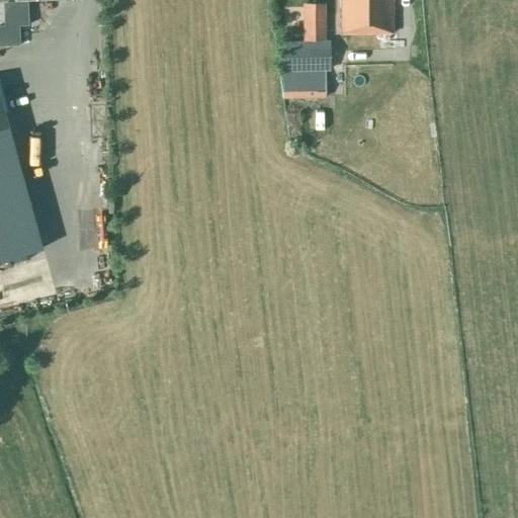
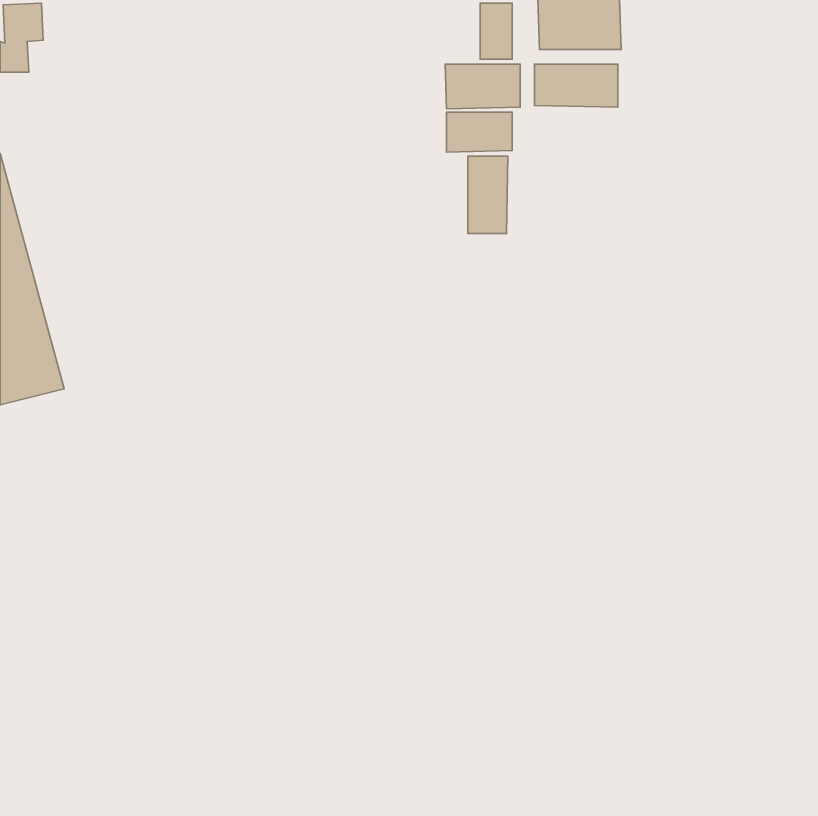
building: none -> [534,64,618,107]
building: none -> [468,156,508,234]

